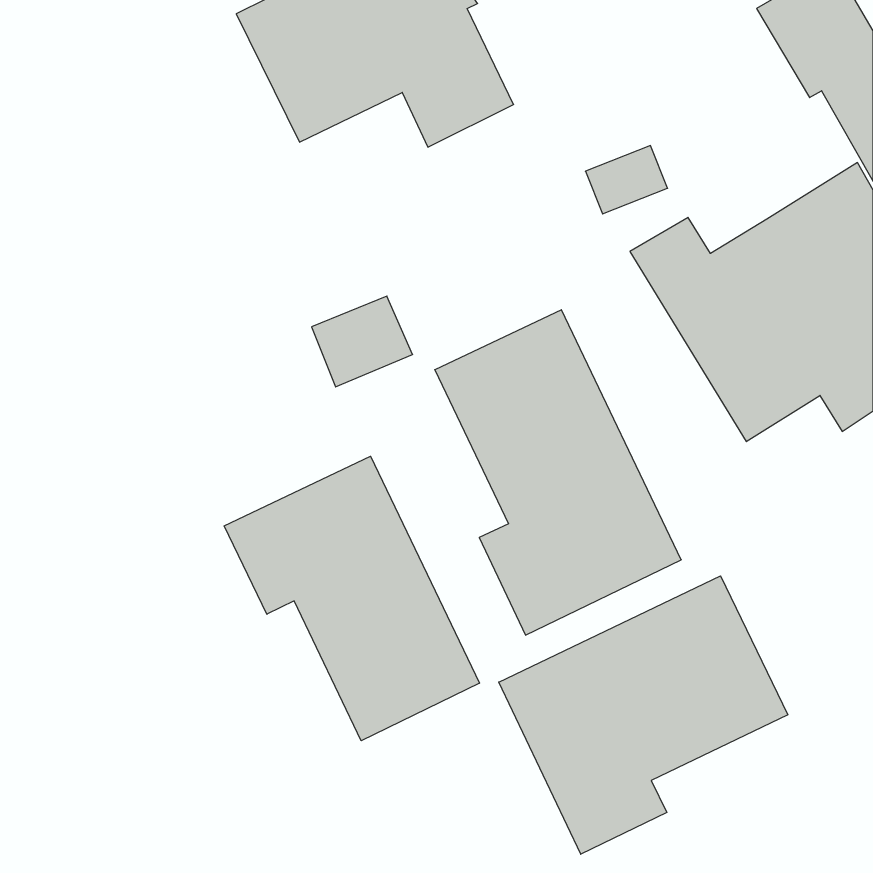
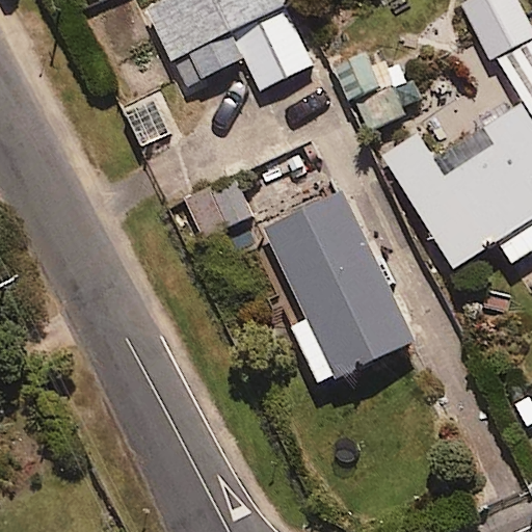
building: [224,456,479,741] -> none
building: [499,576,788,854] -> none

